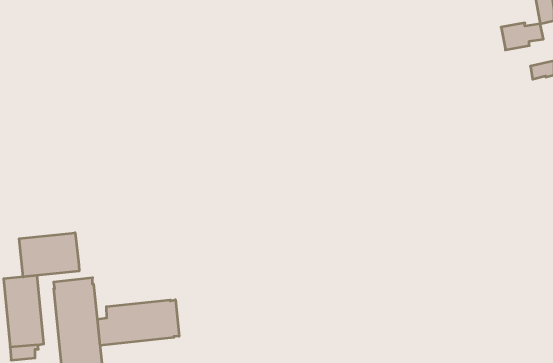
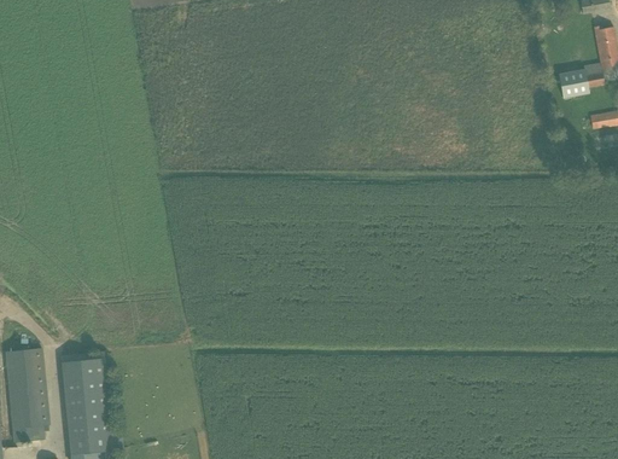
building: [19,233,79,277] -> none
building: [98,300,179,345] -> none

